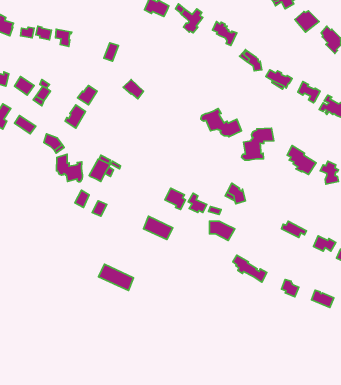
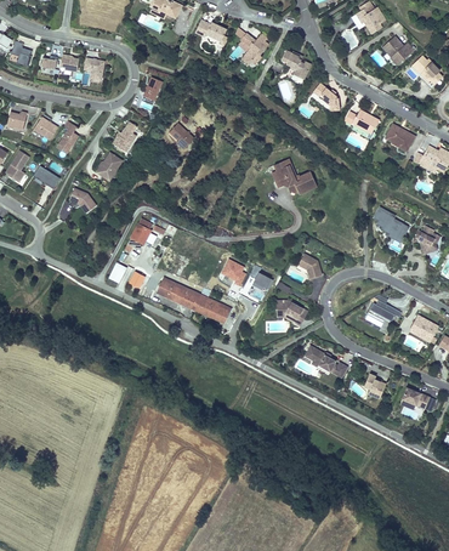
building: [242,128,274,160] -> none
building: [57,154,82,182] -> none
building: [99,264,133,290] -> [157,276,200,308]

